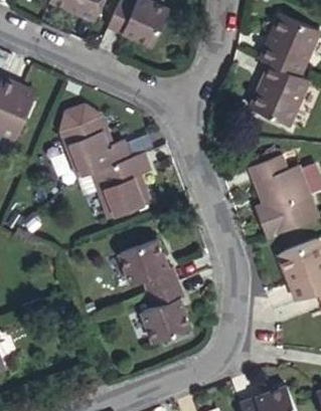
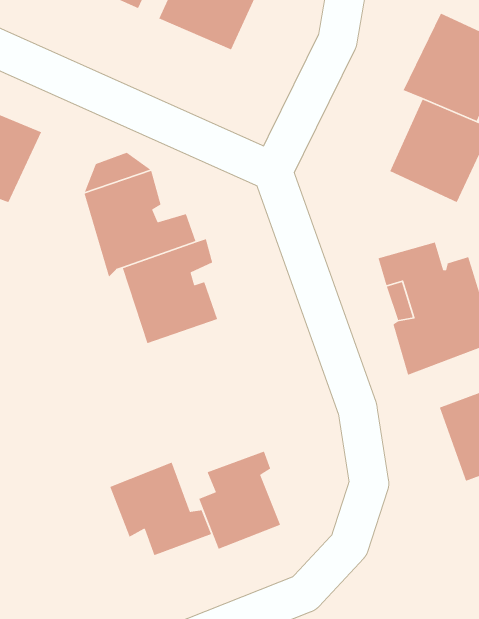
building: [113,236,175,293] -> [109,462,212,556]

